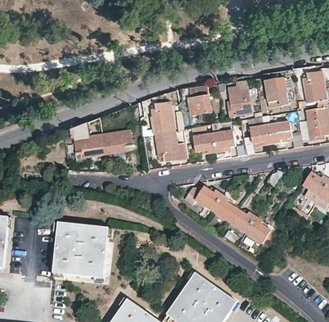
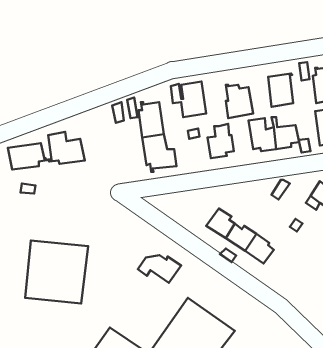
building: [101,130,135,153] -> [8,143,47,169]
building: [192,133,215,154] -> none
building: [184,186,222,210] -> [138,255,181,283]

